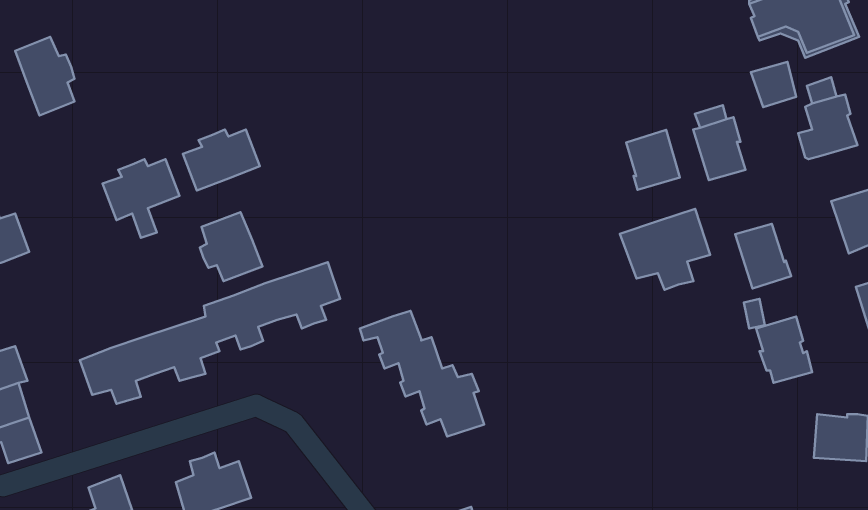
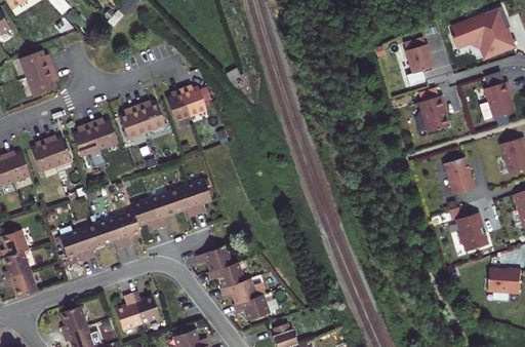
building: [751,62,796,107] -> [406,46,433,73]
building: none -> [166,86,206,120]
building: [626,130,680,190] -> none
building: none -> [30,136,71,170]
building: [620,209,710,290] -> none
building: [200,212,262,281] -> none
building: [360,311,484,437] -> [196,246,269,320]

